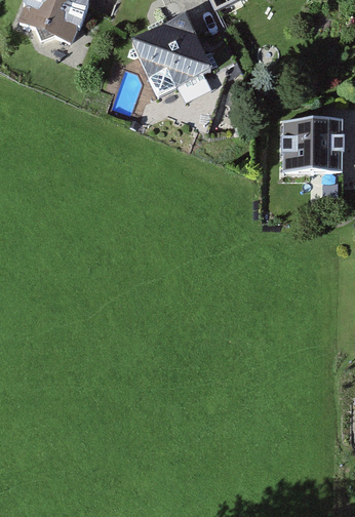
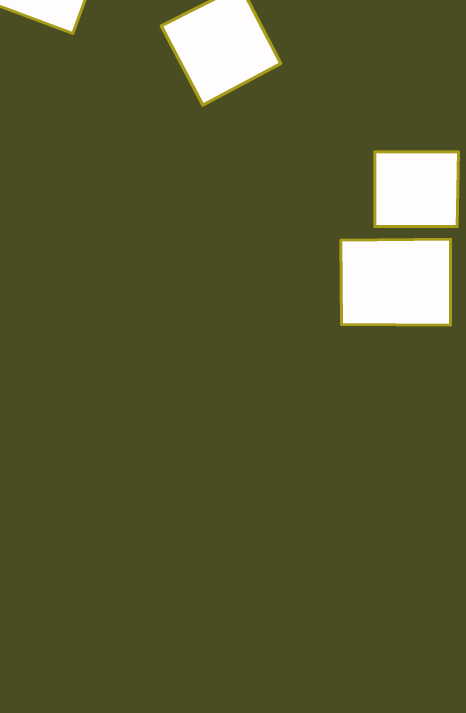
building: none -> [341,239,451,325]

